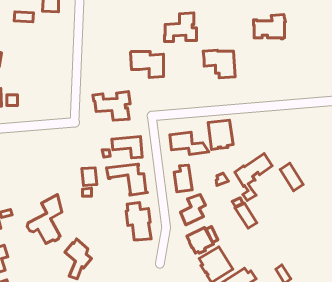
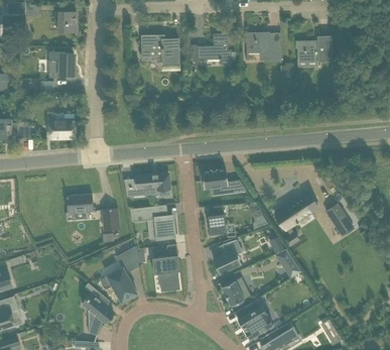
building: none -> [47,51,74,78]
building: [203,50,235,78] -> [245,32,281,64]
building: [130,52,163,77] -> [140,35,177,65]
building: none -> [48,120,74,138]
building: [93,92,130,120] -> none
building: [208,120,233,149] -> none
building: none -> [64,194,92,219]
building: [27,194,62,243] -> [99,246,138,302]

